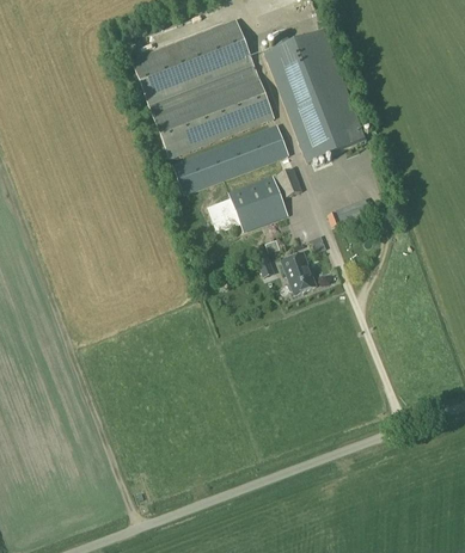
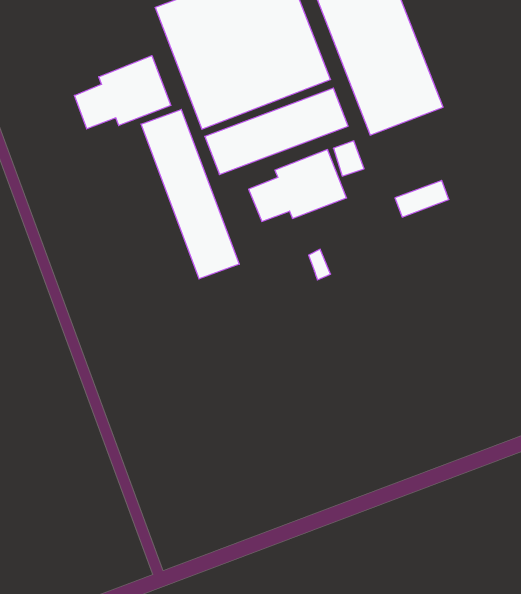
building: none -> [74,56,171,129]
building: none -> [141,109,239,279]
building: [282,252,317,294] -> none

